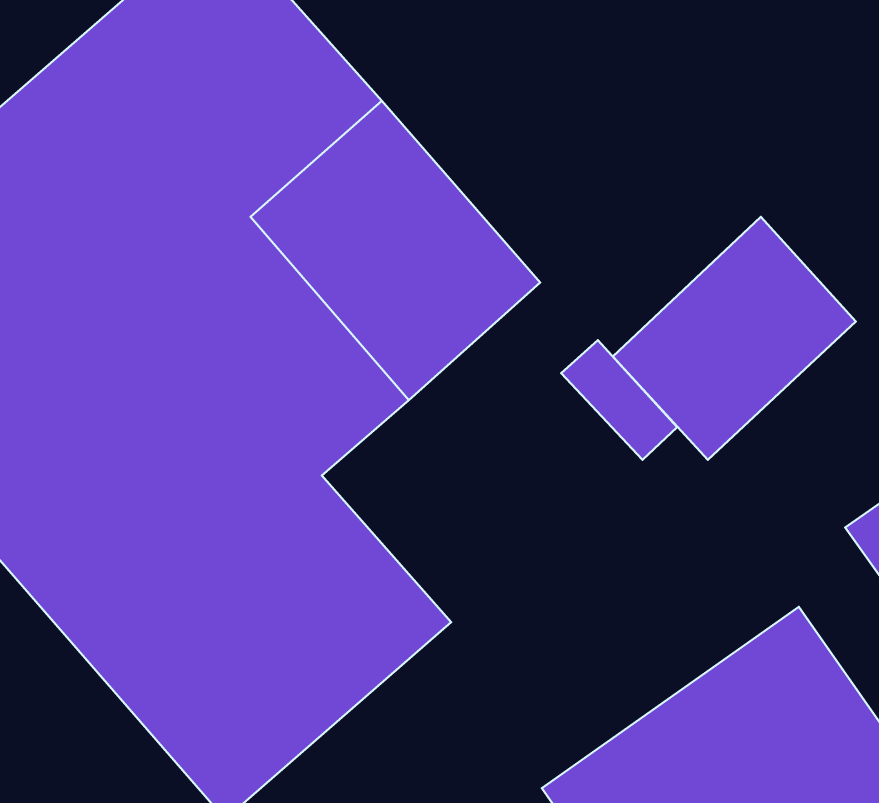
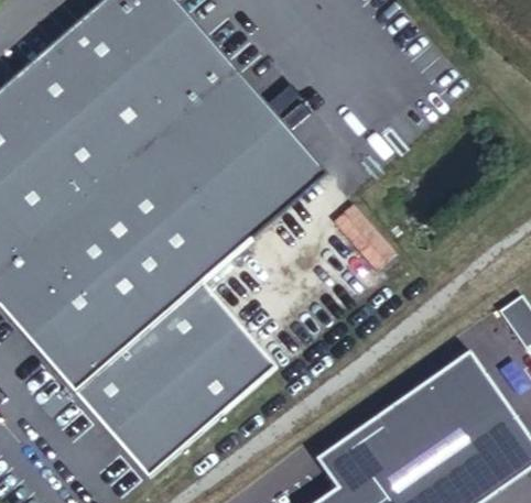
building: [613,217,856,460] -> none

